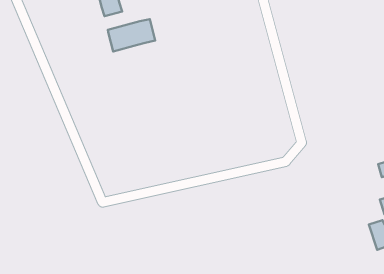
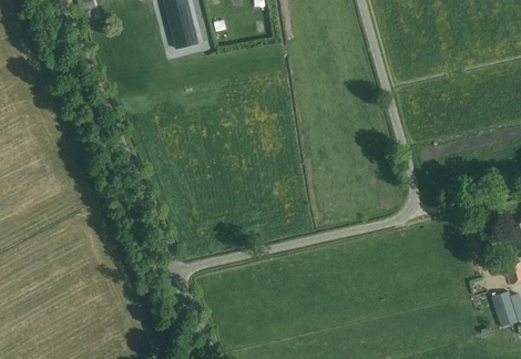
building: [108,19,155,51] -> none

